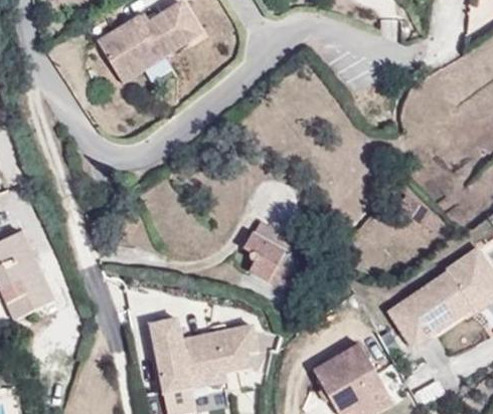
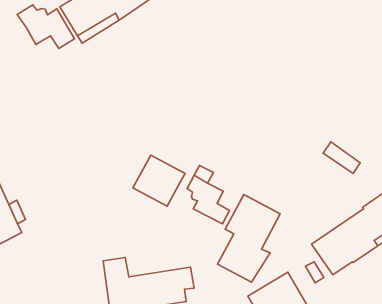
building: none -> [17,5,74,48]
building: none -> [133,155,185,206]
building: none -> [217,195,280,282]

